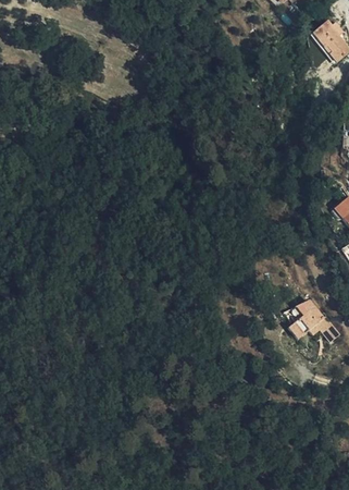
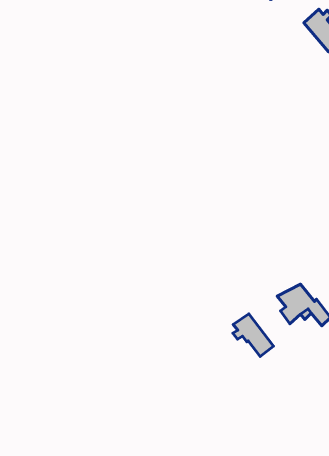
building: none -> [233,314,273,356]

